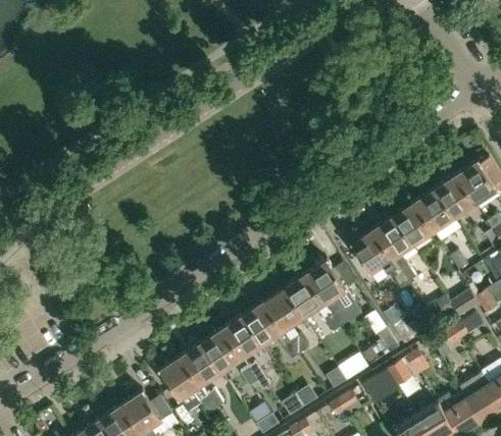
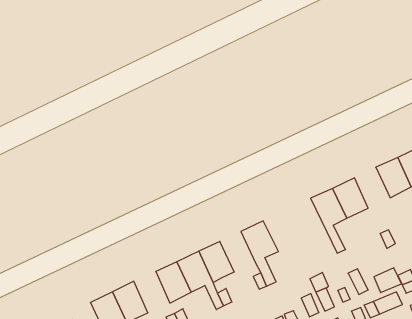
building: [415,187,455,231] -> none
building: [351,229,408,287] -> none
building: [285,274,324,317] -> none
building: [201,328,242,372] -> none

